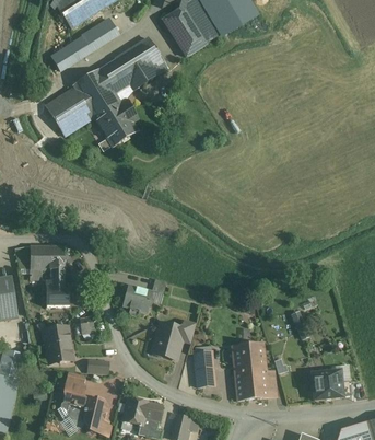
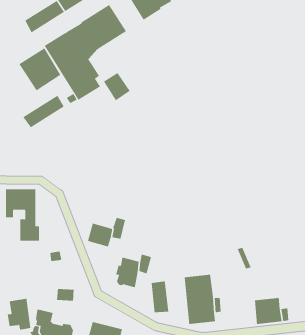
building: none -> [103,72,131,101]
building: none -> [23,95,64,128]
building: [45,325,72,361] -> [7,298,31,330]

